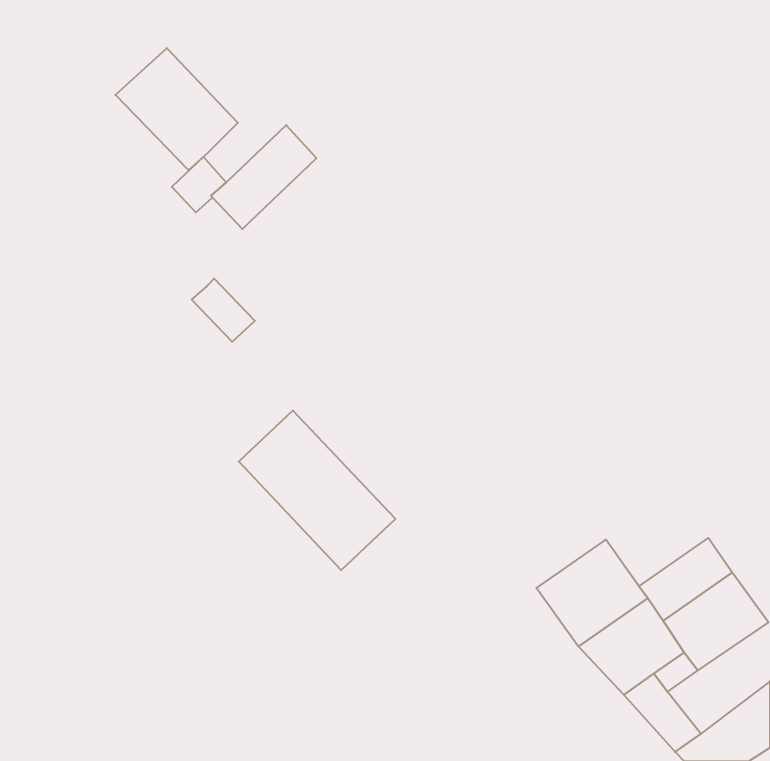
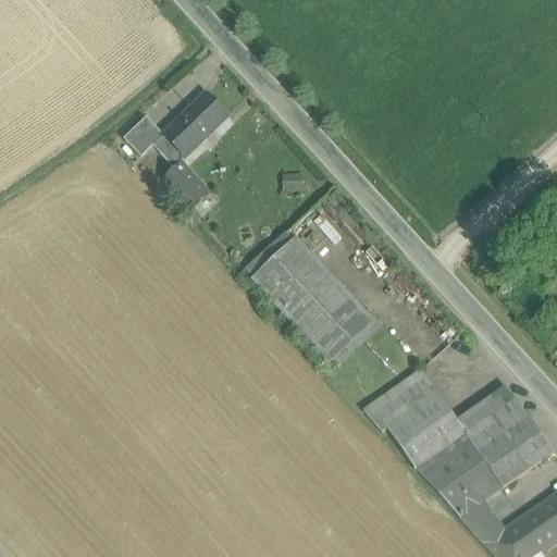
building: [115,48,238,170] -> none
building: [192,279,255,342] -> [164,160,210,206]
building: [239,410,395,570] -> [257,240,370,356]
building: none -> [364,367,437,429]

